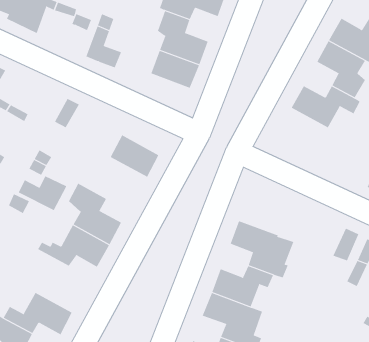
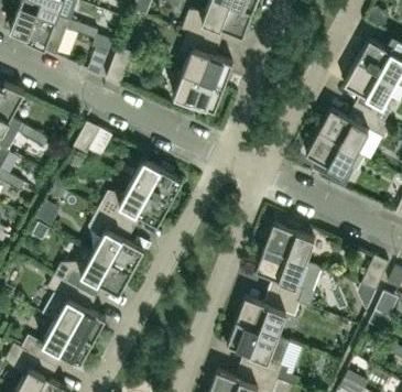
building: none -> [306,132,357,176]
building: none -> [99,183,171,227]
building: none -> [264,224,315,263]
building: none -> [43,276,106,342]

